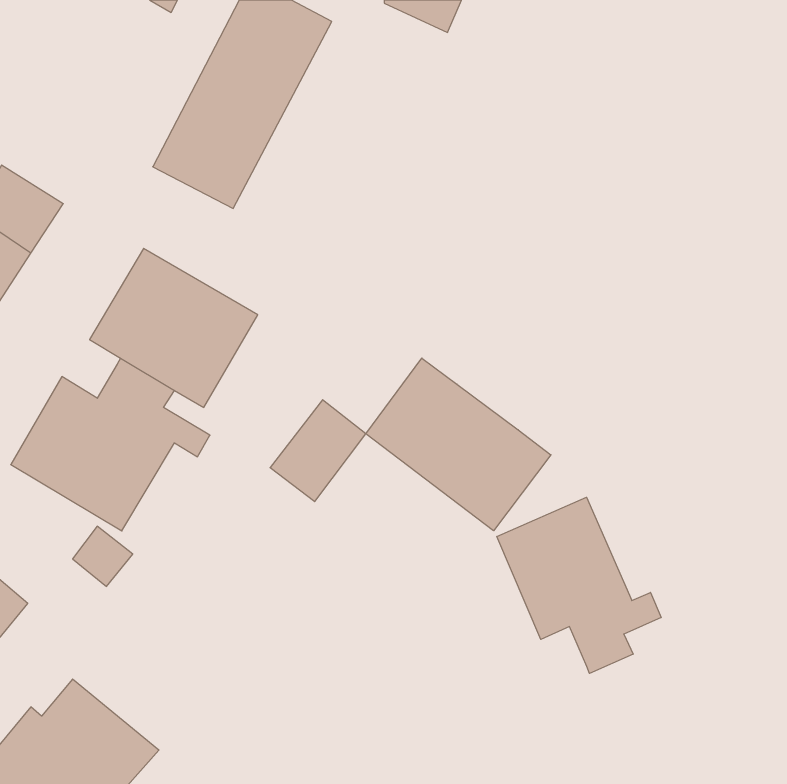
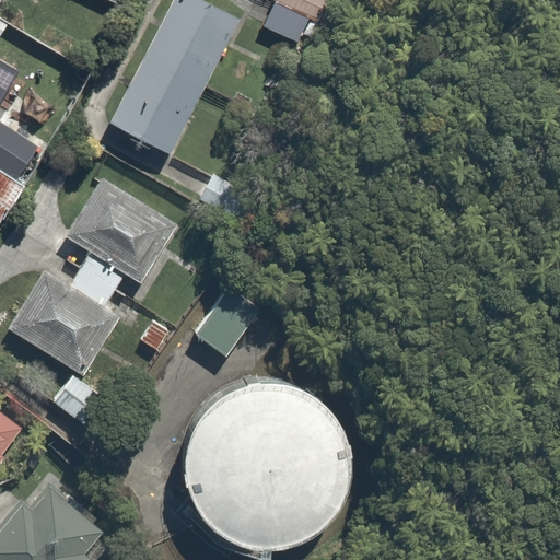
building: [366,358,551,531] -> none
building: [497,497,661,673] -> none
building: none -> [189,392,345,547]

